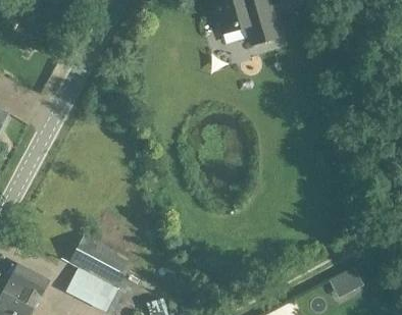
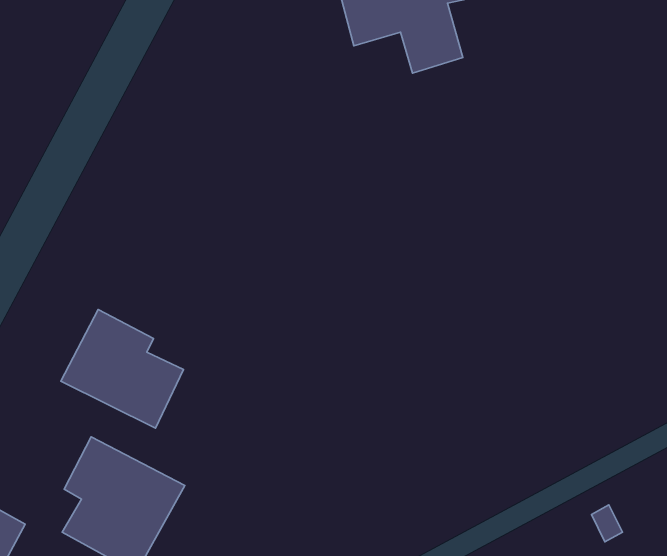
building: none -> [61,309,183,428]

